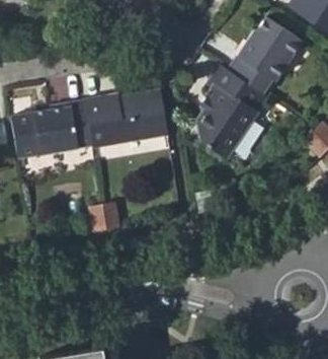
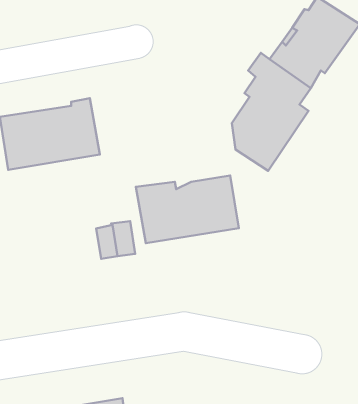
building: [84,91,167,146] -> [136,175,239,243]

